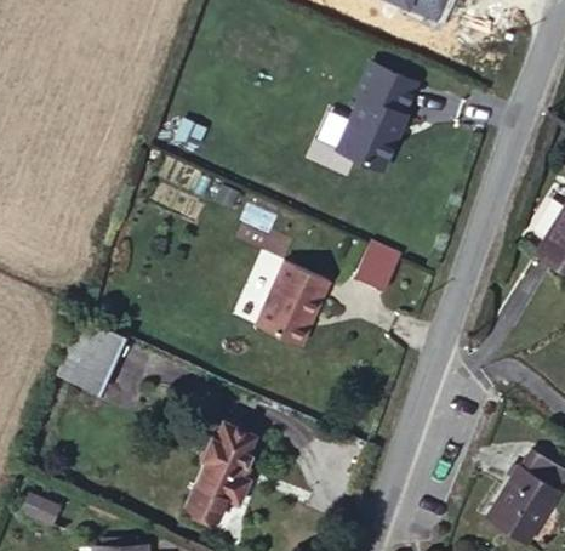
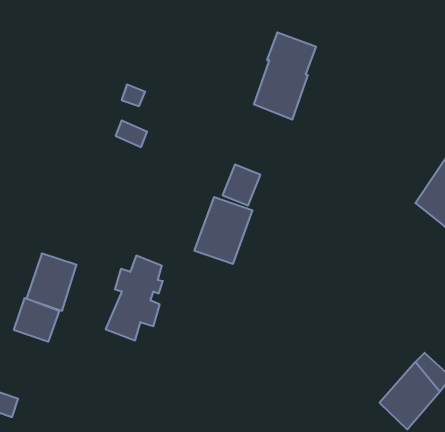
building: [355,240,400,289] -> [223,165,260,206]
building: none -> [14,298,59,342]
building: [190,417,258,518] -> [106,256,163,340]

